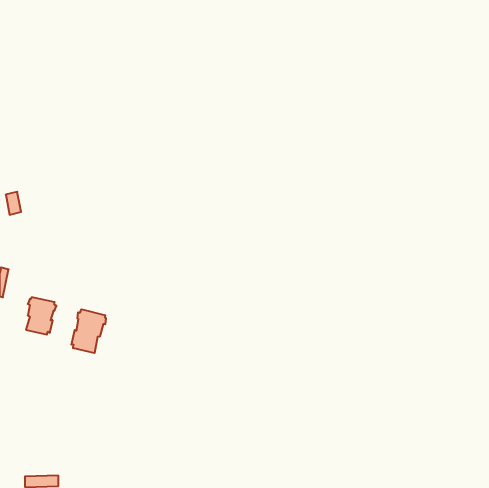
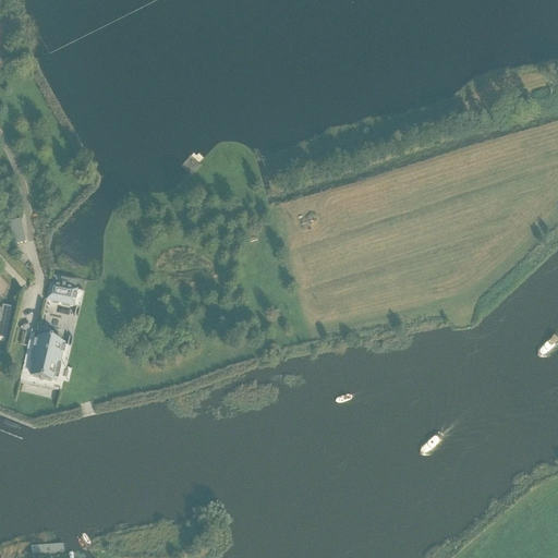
building: none -> [45,283,75,305]
building: [71,309,106,353] -> none

